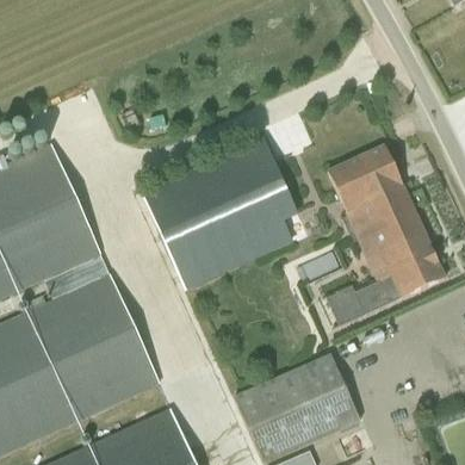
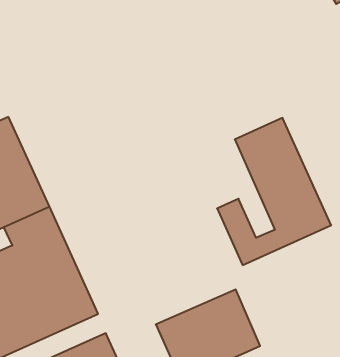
building: [141,138,296,291] -> none

